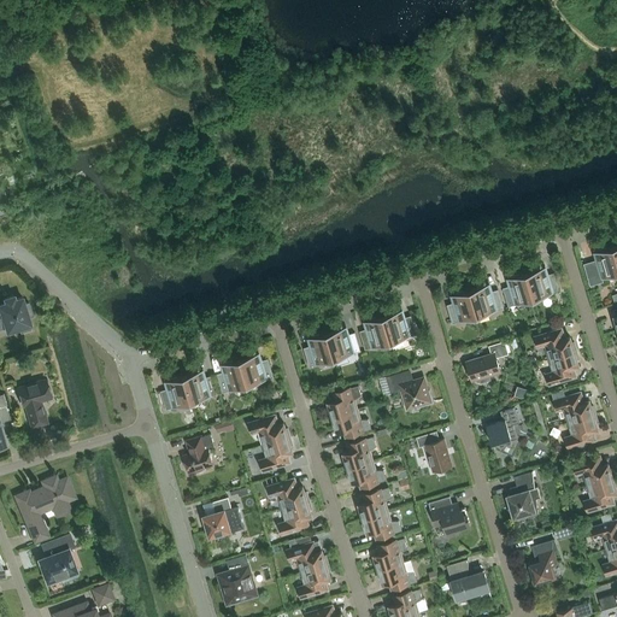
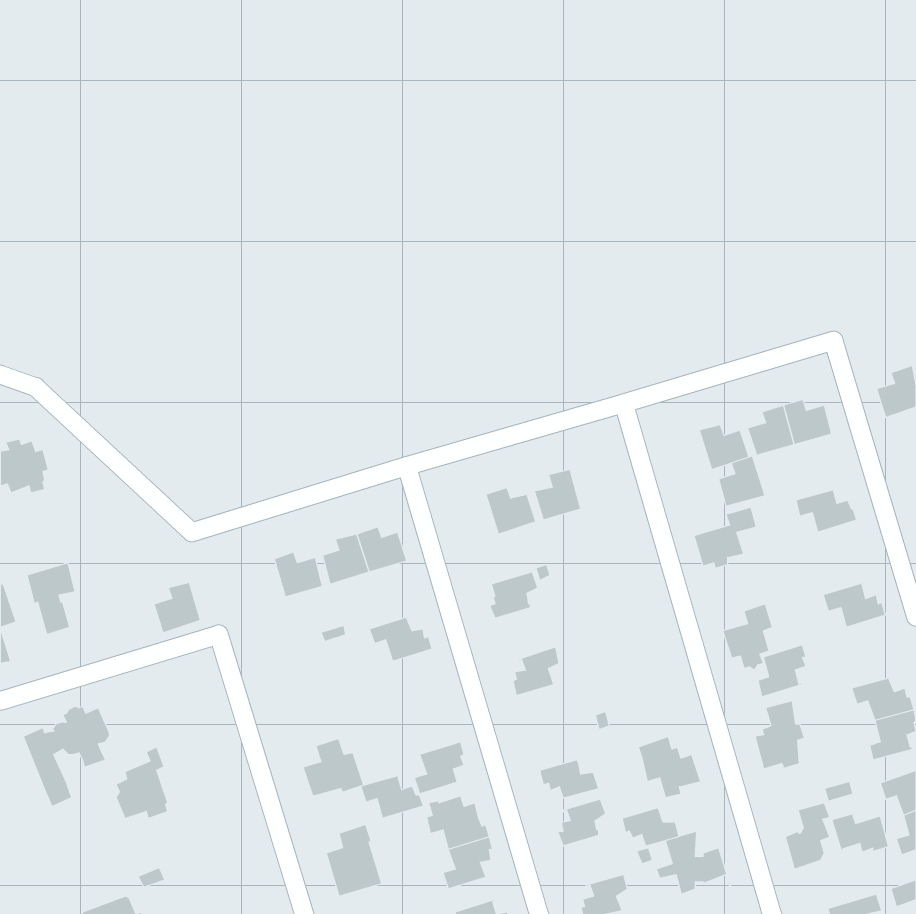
building: [447,290,478,324] -> [719,456,765,506]
building: [383,312,417,343] -> none
building: [304,334,335,368] -> none
building: [546,351,578,386] -> none
building: [386,372,434,407] -> none
building: [160,377,192,411] -> [154,583,200,633]
building: [333,410,371,437] -> none
building: [565,415,598,449] -> [758,645,806,697]
building: [416,431,452,472] -> none
building: [183,435,215,474] -> none
building: [259,437,293,471] -> none
building: [347,462,387,488] -> none
building: [268,480,310,509] -> [361,775,423,818]
building: [360,488,392,519] -> none
building: [41,534,76,582] -> [116,747,168,819]
building: none -> [832,814,889,852]
building: [378,563,417,589] -> [622,808,679,847]

